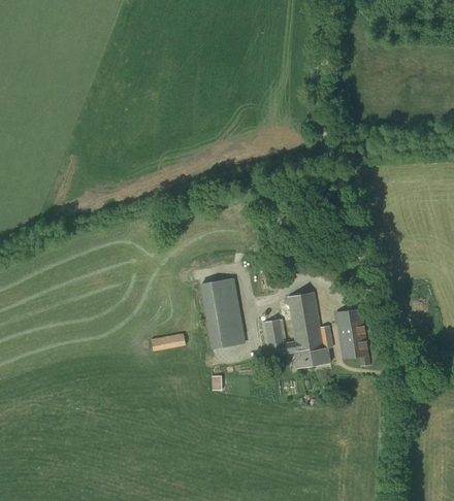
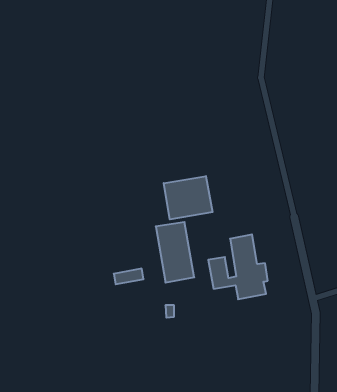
building: none -> [164,176,213,219]
building: [334,308,369,366] -> none

